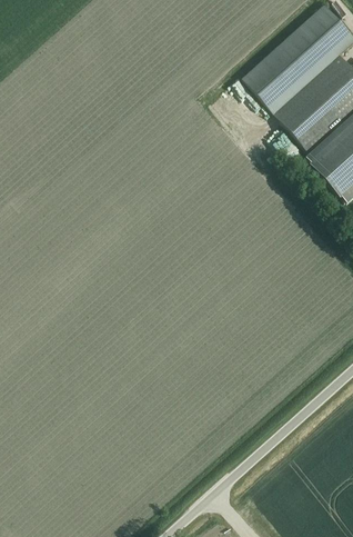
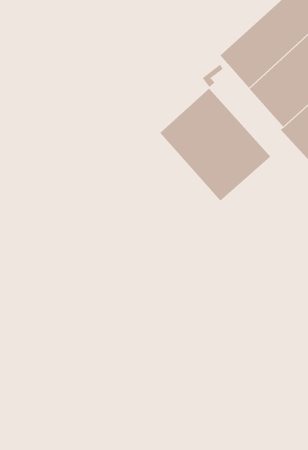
building: none -> [160,88,271,202]

